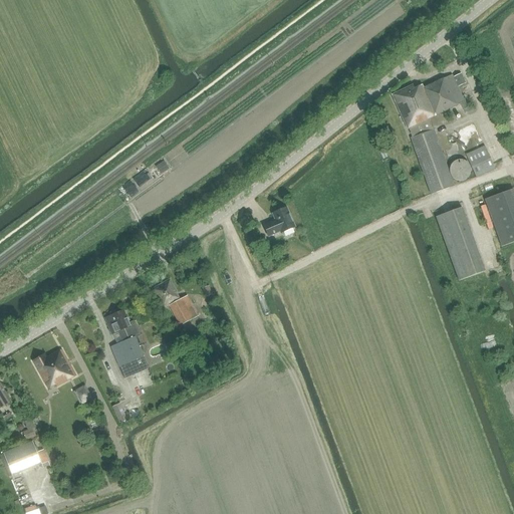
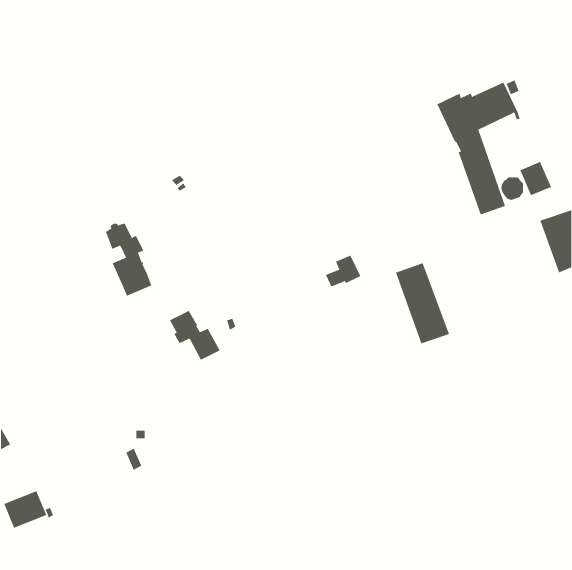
building: [263,206,295,235] -> [325,255,361,287]
building: [436,206,485,279] -> [395,262,450,344]
building: [105,309,148,375] -> [105,223,152,297]
building: [32,347,76,388] -> none

